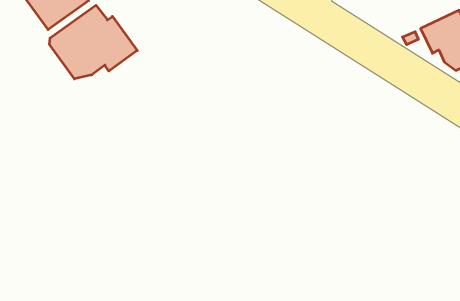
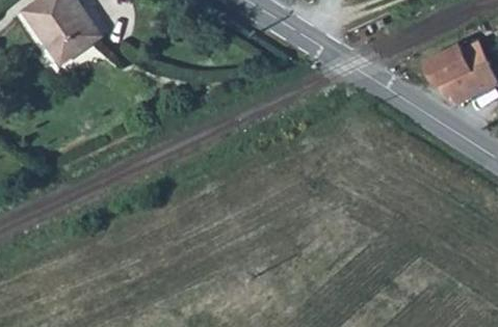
building: [50,5,137,79] -> none

